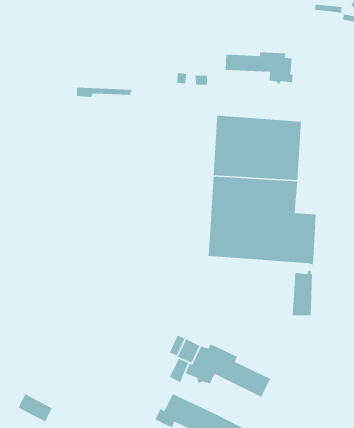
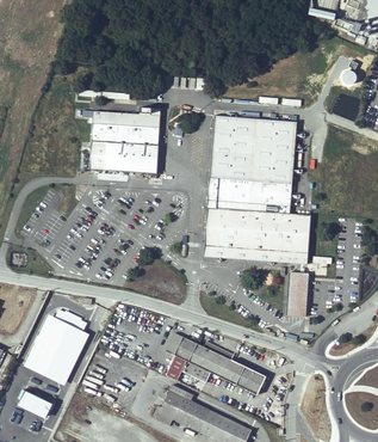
building: [225,51,294,84] -> none
building: none -> [89,109,160,172]
building: none -> [24,308,89,385]

